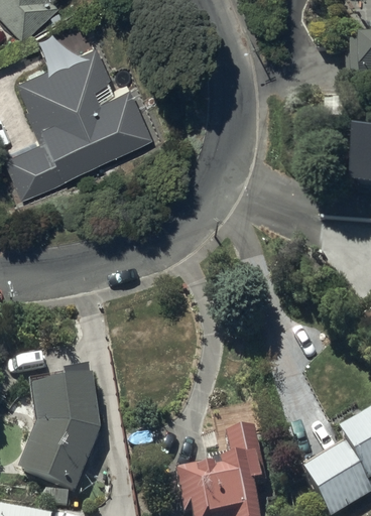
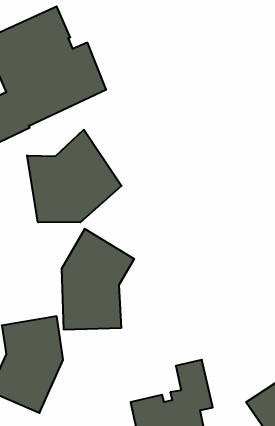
building: none -> [27,130,122,222]
building: none -> [62,229,134,330]

